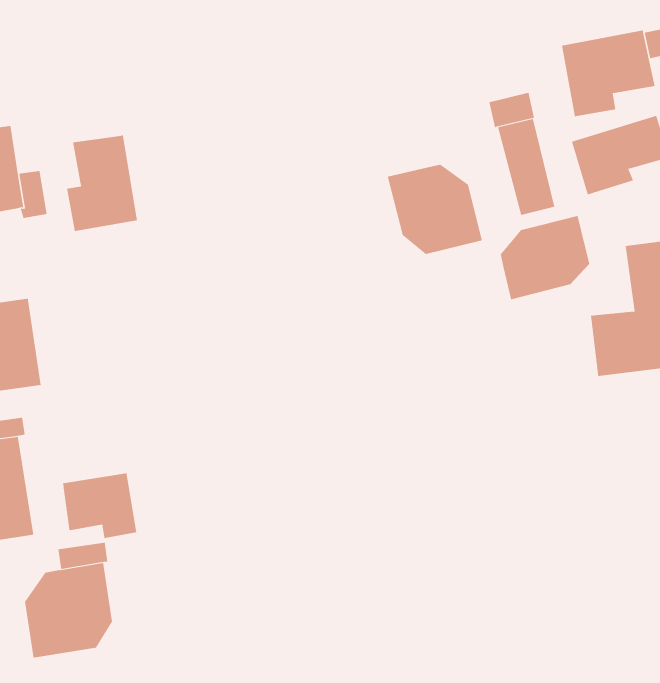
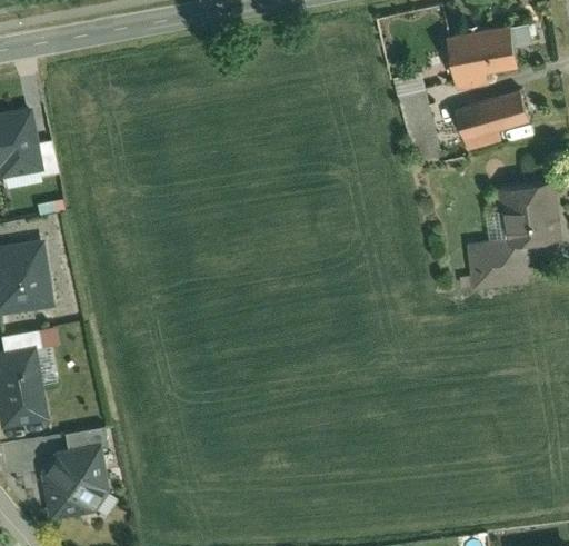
building: [66,134,138,232] -> none
building: [387,164,483,255] -> none
building: [500,215,590,300] -> none
building: [62,473,137,539] -> none

